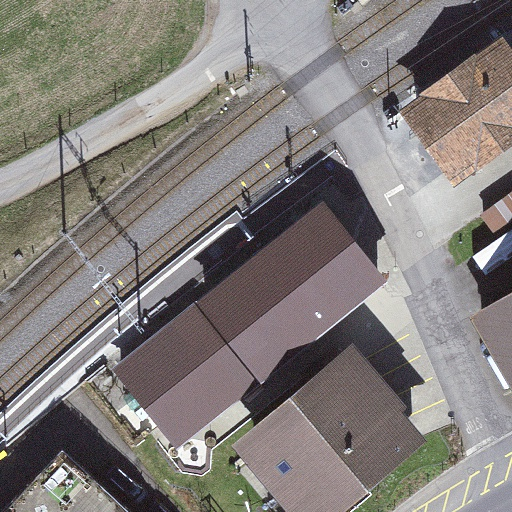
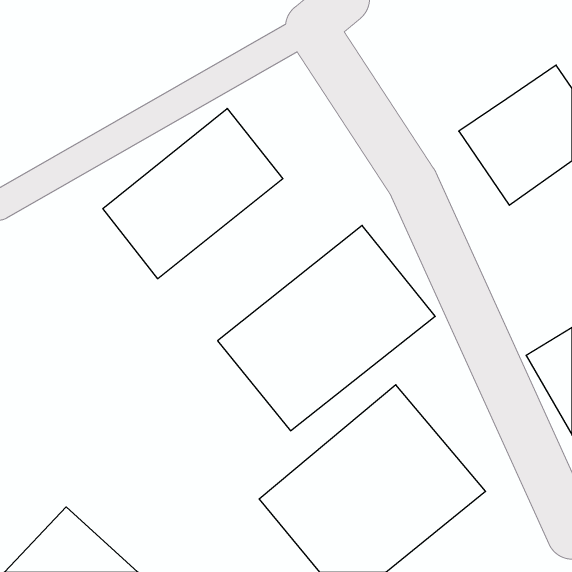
building: none -> [103,108,283,279]
building: [111,304,259,450] -> none

